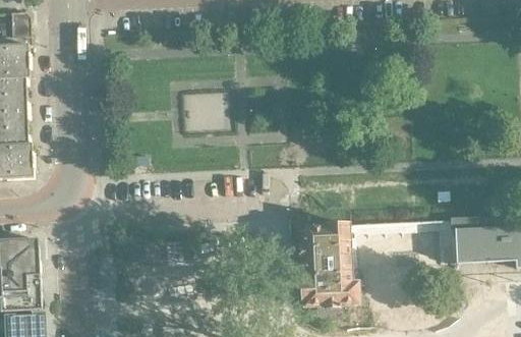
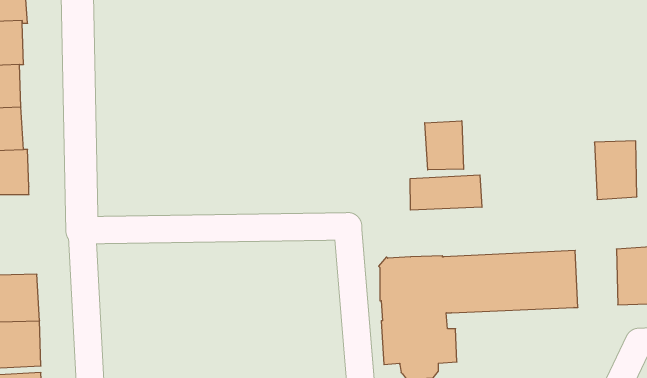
building: none -> [425,121,464,170]
building: none -> [410,175,482,210]
building: [451,217,483,262] -> [594,141,637,199]

